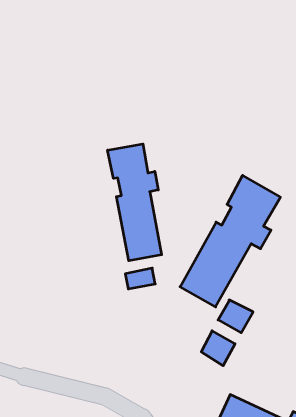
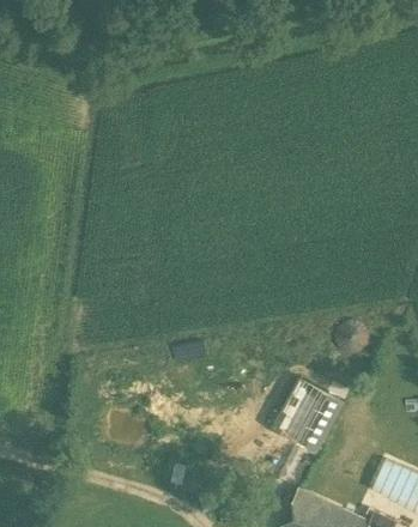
building: [108,144,162,261] -> none
building: [180,175,280,307] -> none

